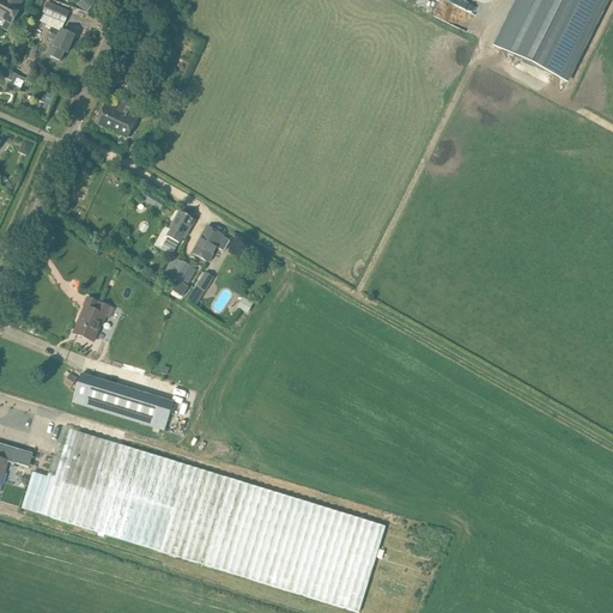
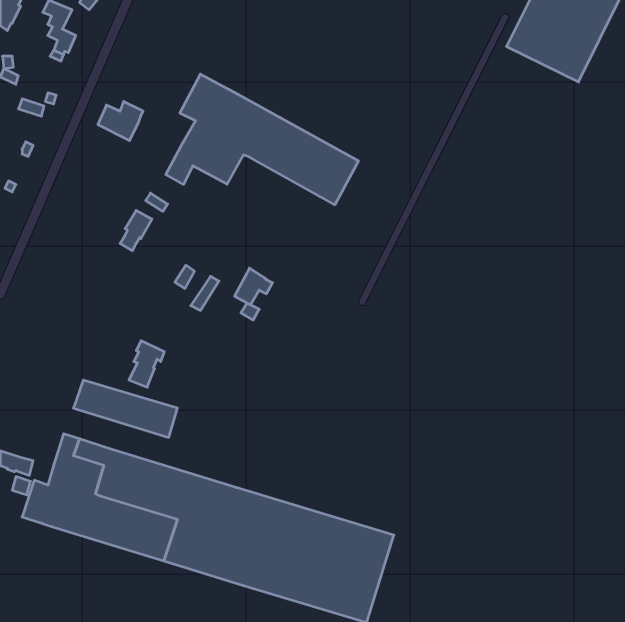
building: none -> [166,74,358,205]
building: [164,210,195,249] -> [120,210,152,251]
building: [193,224,230,260] -> [235,268,273,305]
building: [75,295,110,340] -> [129,341,164,387]

